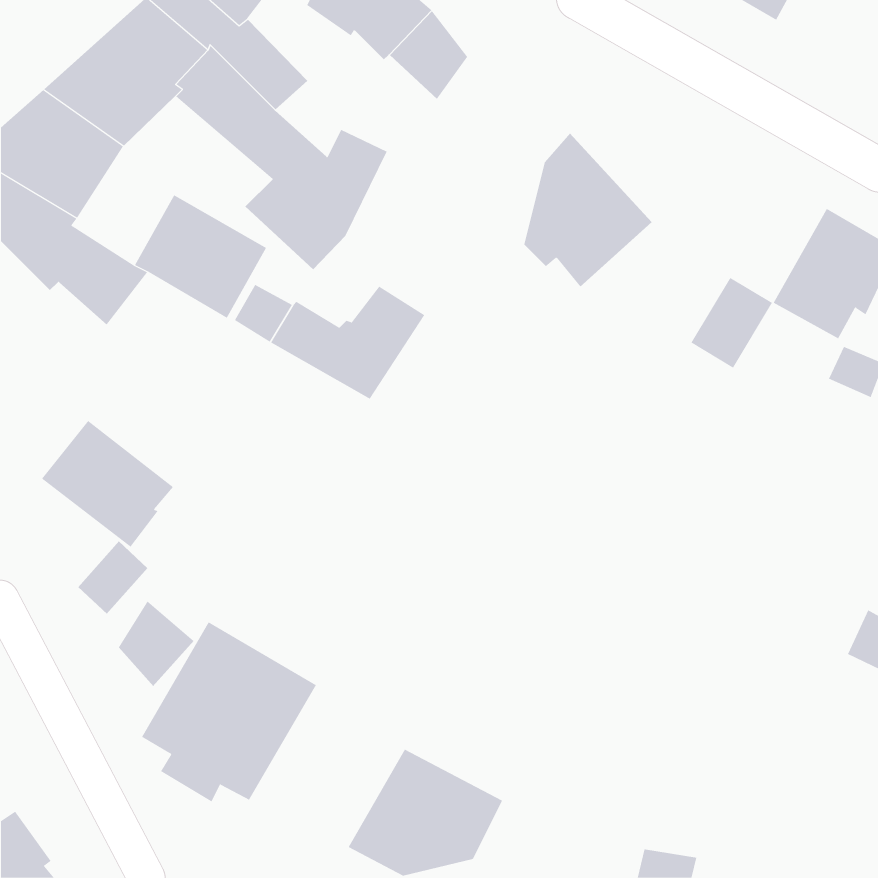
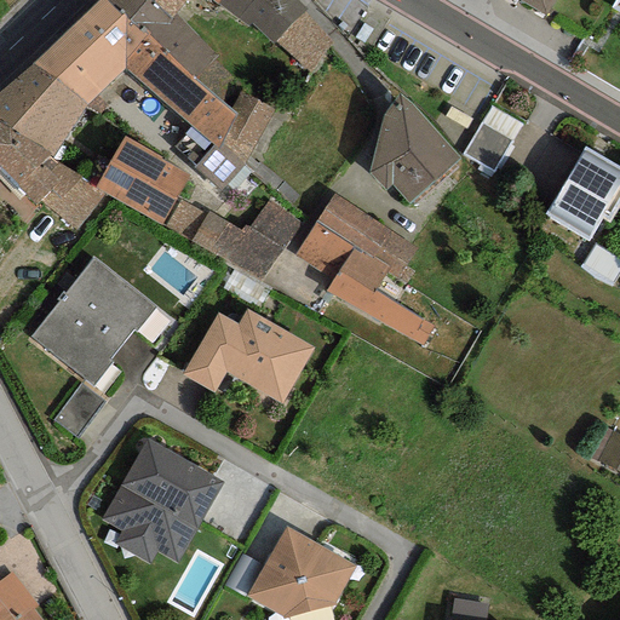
building: none -> [294,194,432,344]
building: [690,277,773,368] -> [464,105,522,170]
building: none -> [63,257,156,343]
building: none -> [182,308,315,404]
building: [118,600,194,687] -> none

